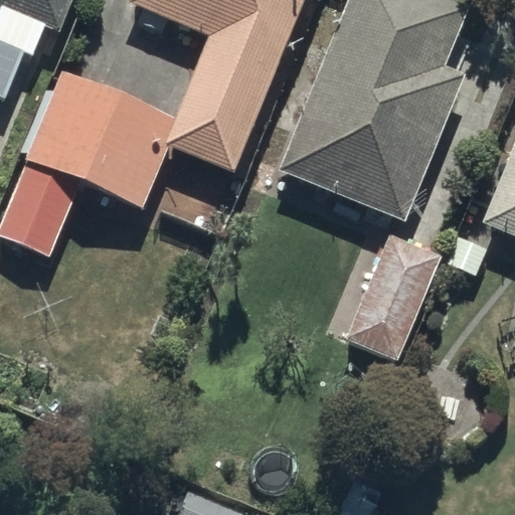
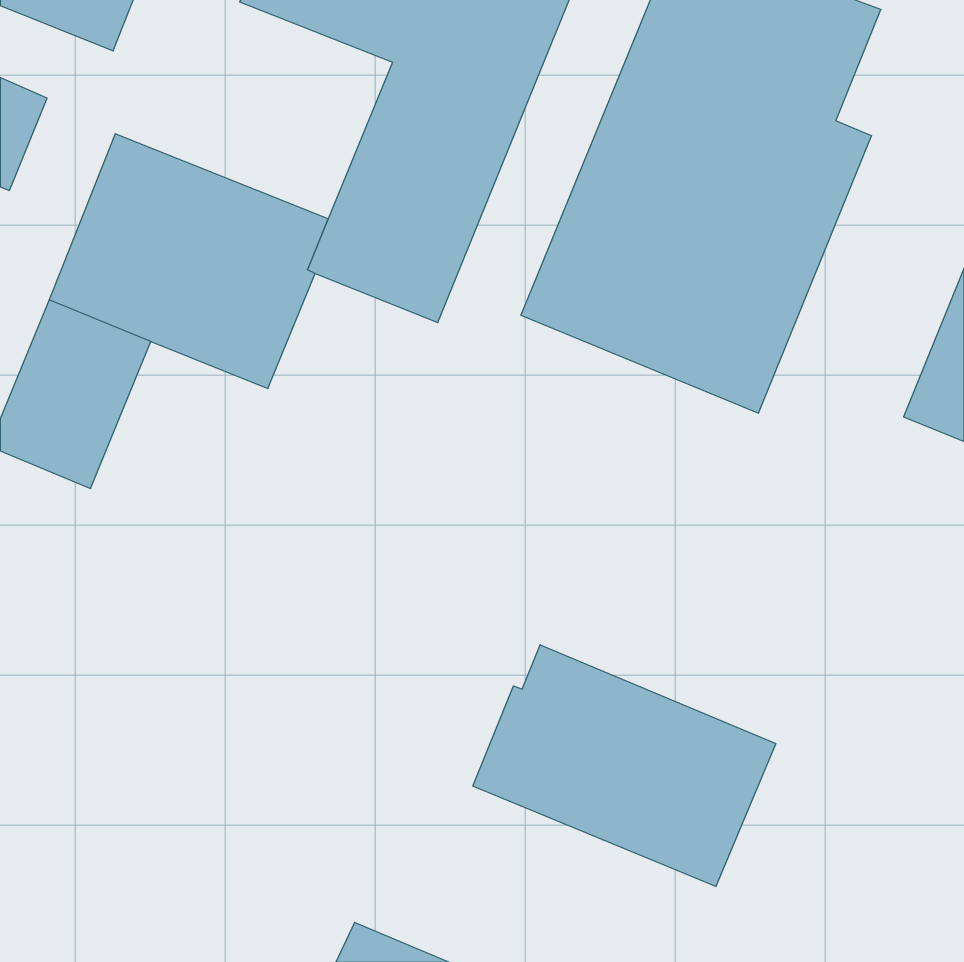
building: [345,232,442,359] -> none
building: none -> [473,645,776,887]

